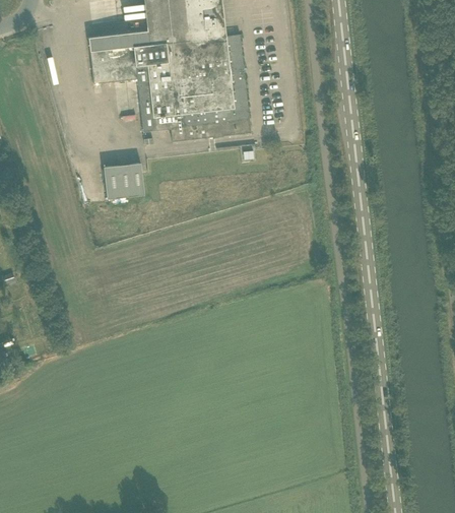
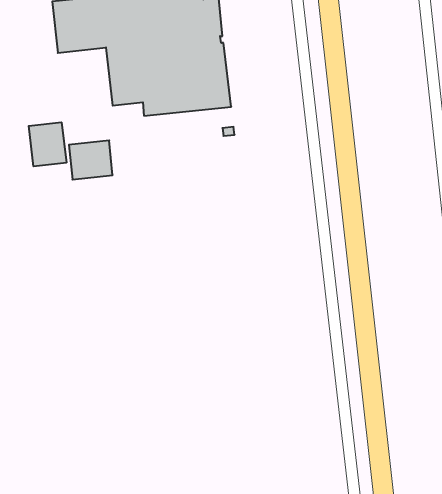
building: none -> [29,122,66,166]

